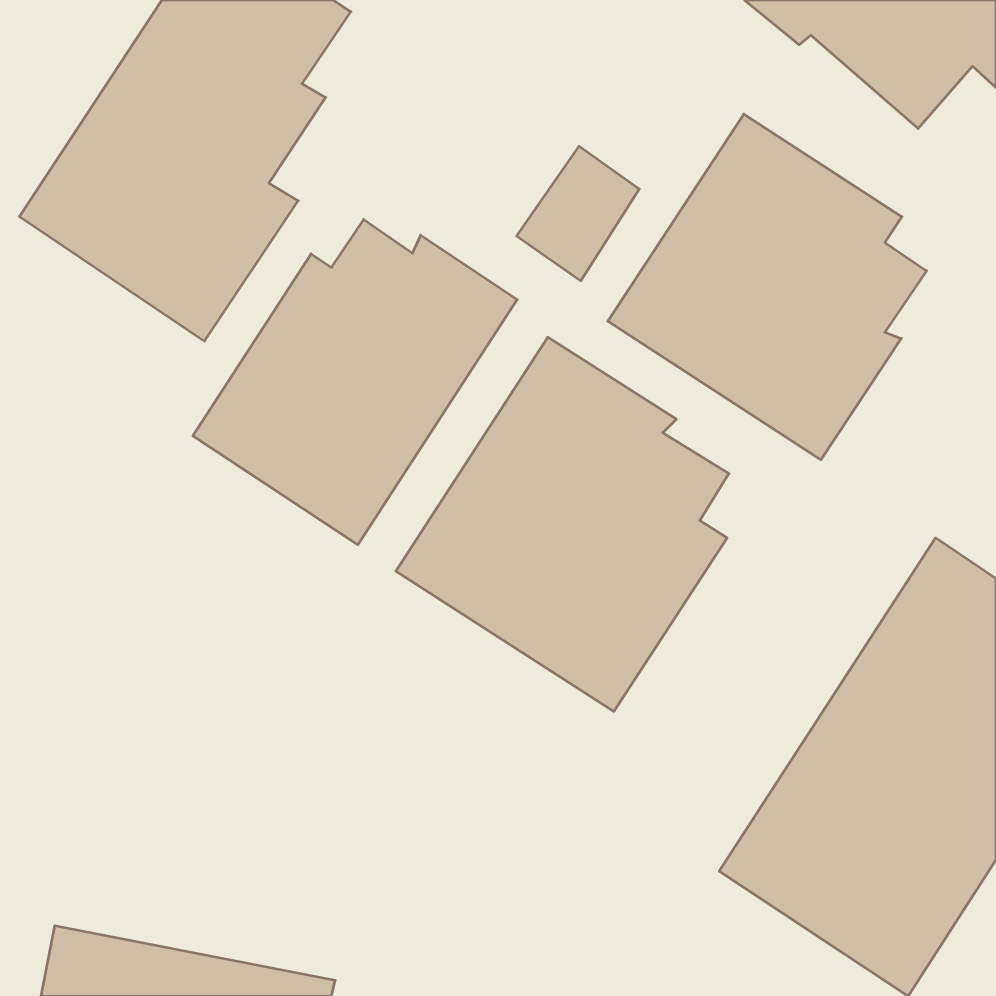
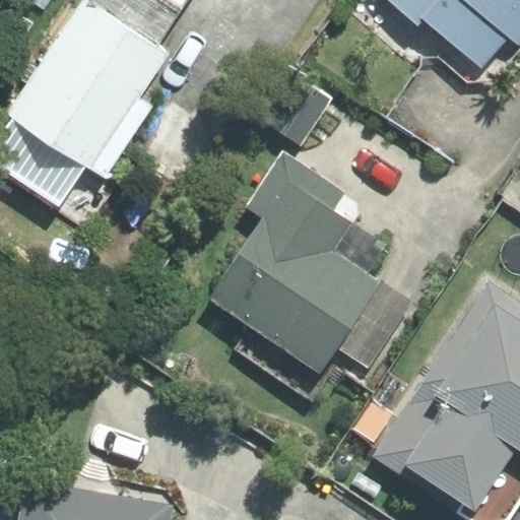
building: [608,114,927,460] -> none
building: [193,219,517,545] -> none

